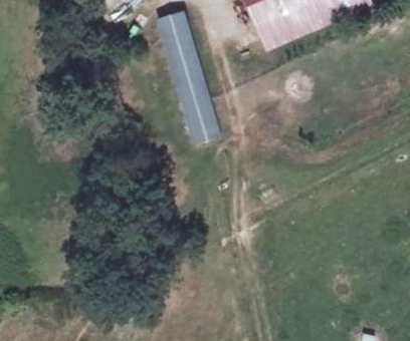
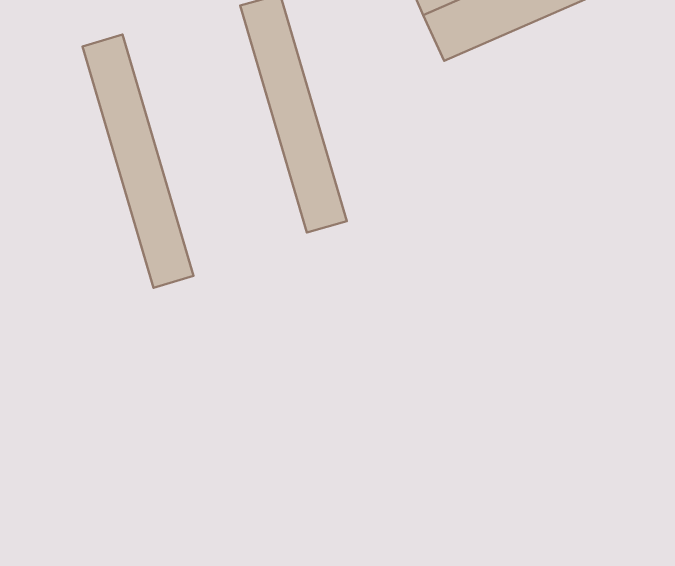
building: none -> [83,34,194,288]

